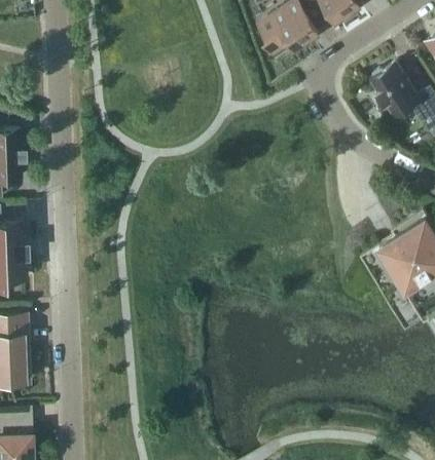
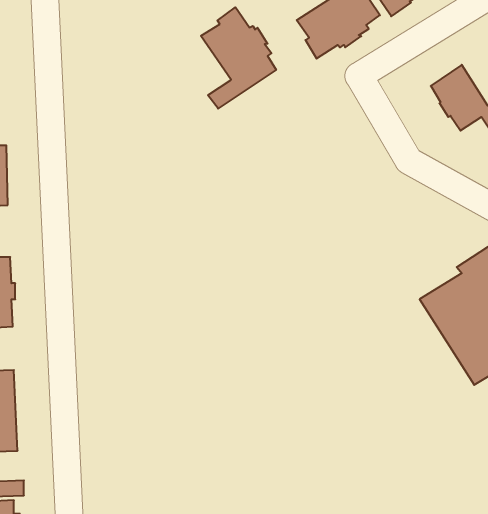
building: none -> [201,7,276,109]

